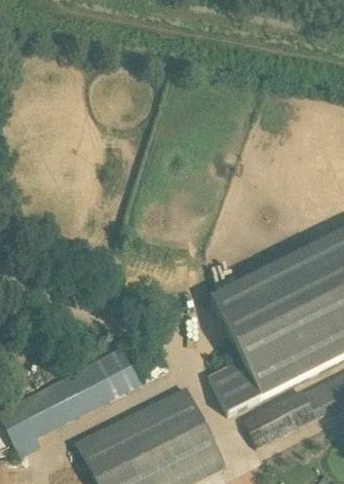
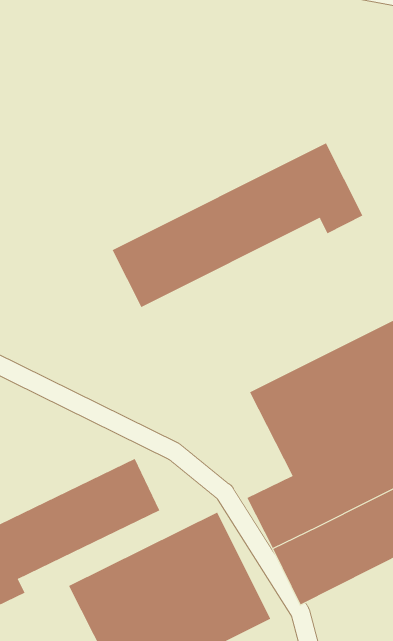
building: none -> [112,142,363,308]

